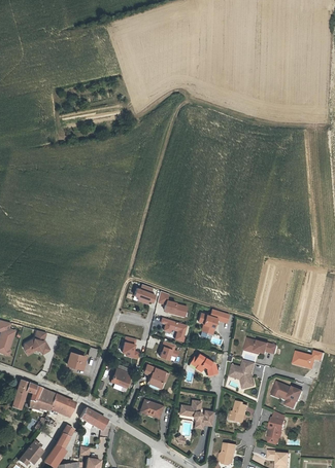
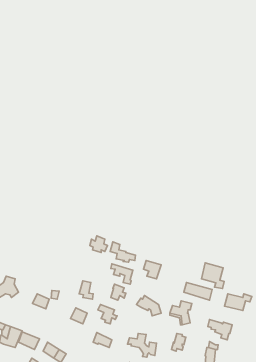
building: none -> [201,263,224,289]

